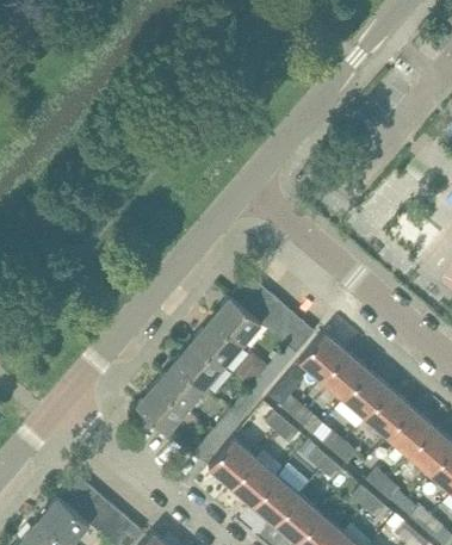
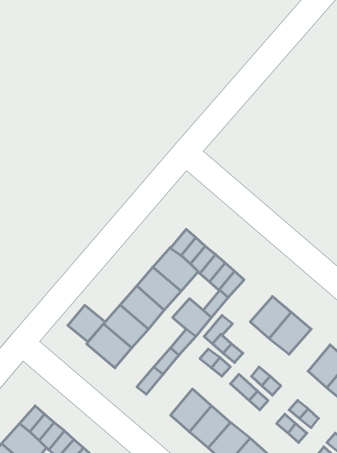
building: [299,334,347,383] -> none
building: none -> [68,305,105,342]
building: [366,391,413,439] -> none
building: [209,440,256,489] -> none

